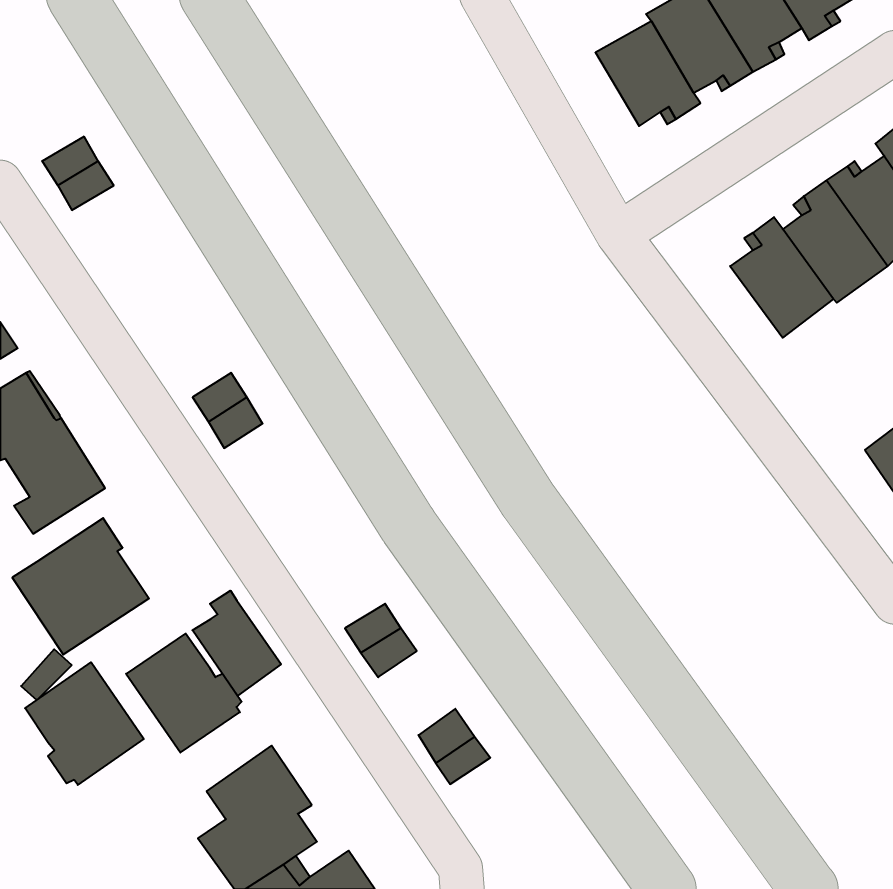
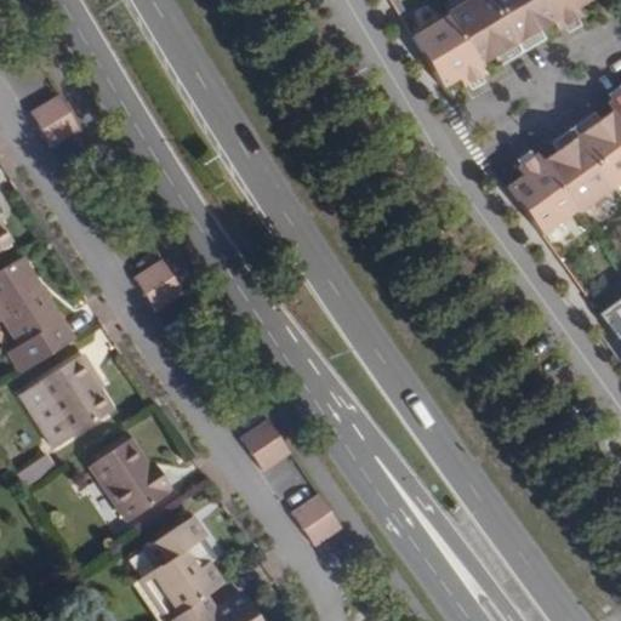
building: [192,591,281,696] -> none
building: [25,662,144,785] -> none

